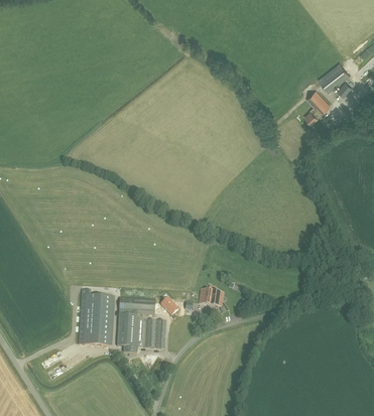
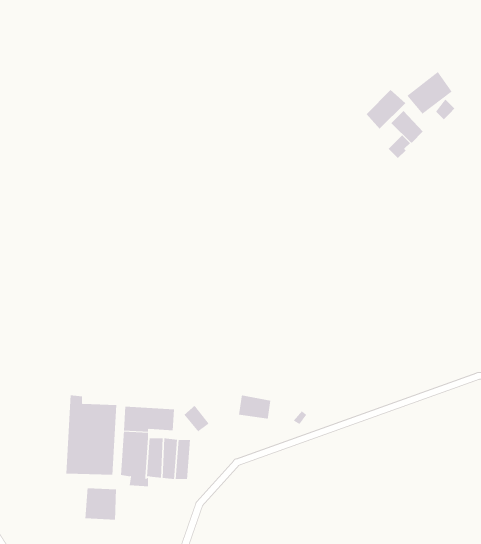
building: none -> [366,89,406,130]
building: none -> [85,488,116,520]

